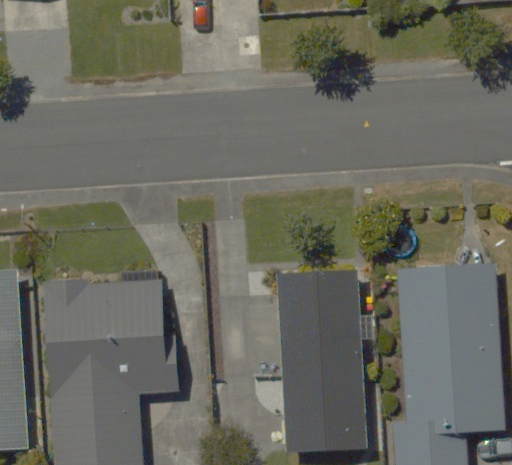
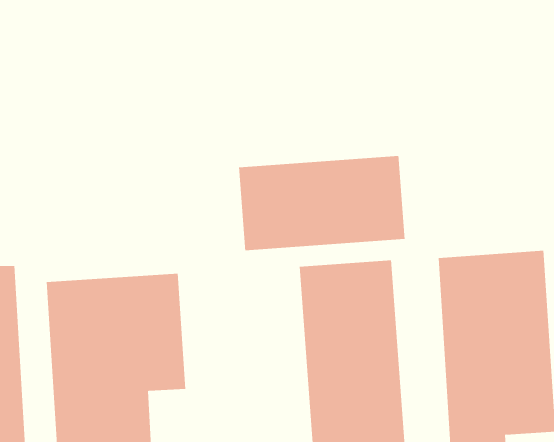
building: none -> [239,155,405,251]

